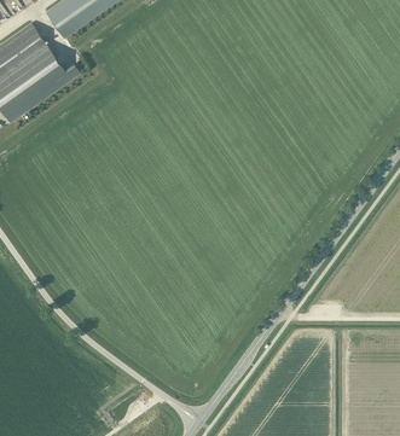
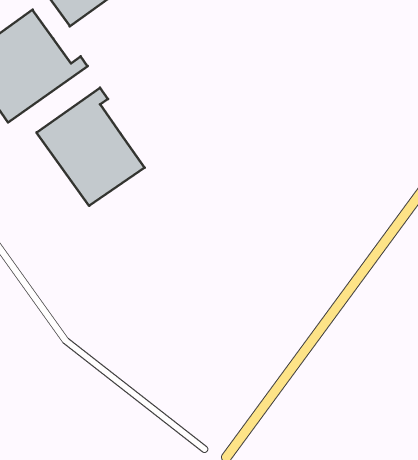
building: none -> [37,88,145,206]

